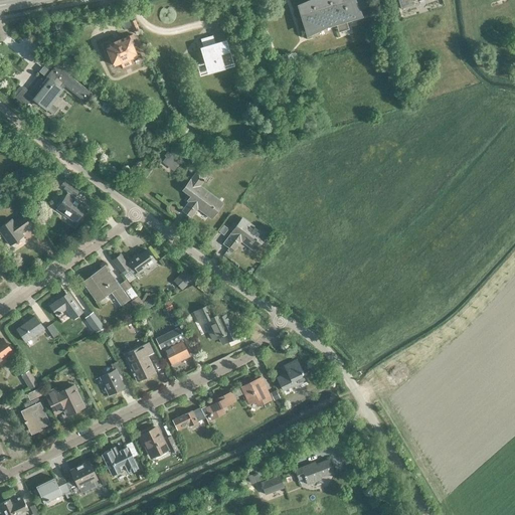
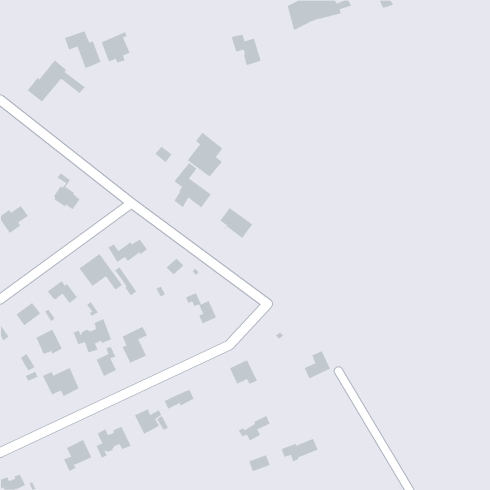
building: none -> [64,30,101,69]
building: [200,35,232,68] -> [231,34,261,66]
building: none -> [187,132,223,177]
building: [155,327,189,365] -> none
building: none -> [73,318,112,353]
building: [277,360,305,390] -> [304,351,331,379]
building: [200,392,234,419] -> [238,415,271,441]
building: [21,402,49,430] -> [36,329,62,355]
building: [35,478,72,504] -> none

